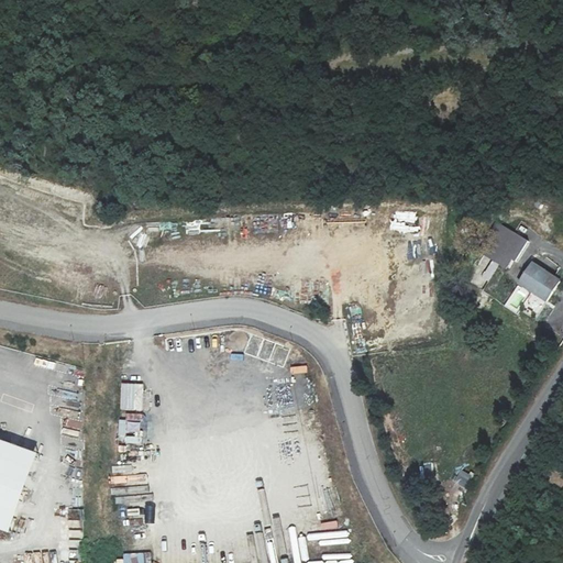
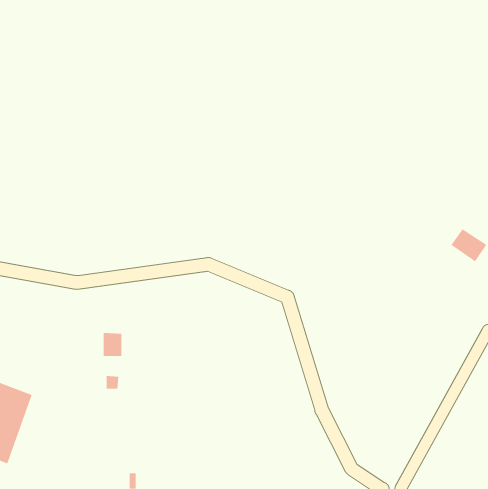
building: [478,222,526,269] -> none

